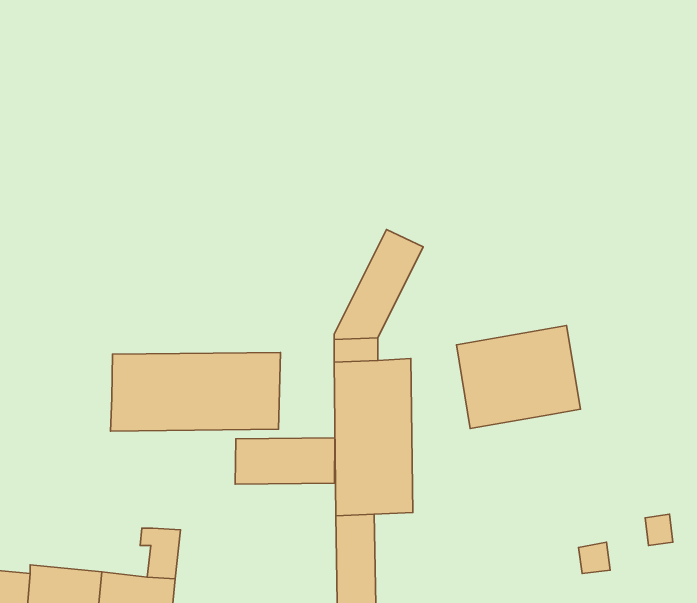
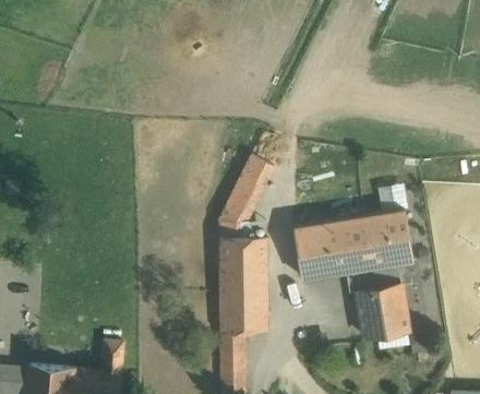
building: none -> [355,208,413,337]
building: [111,352,280,431] -> none
building: [235,438,335,484] -> none

